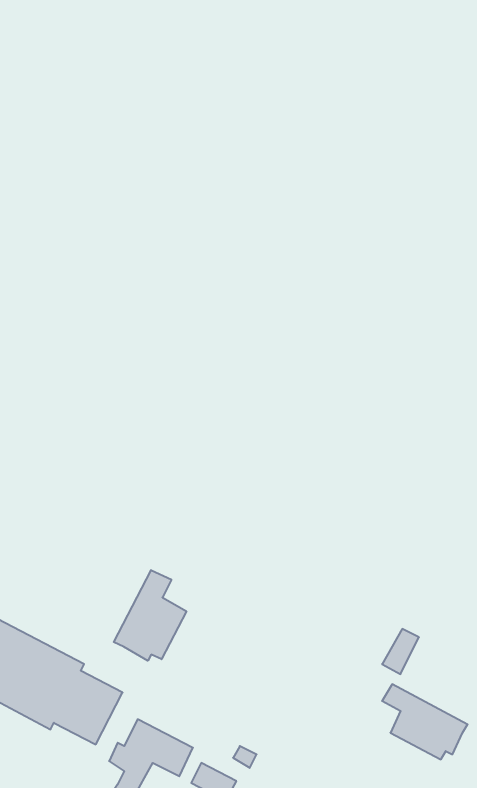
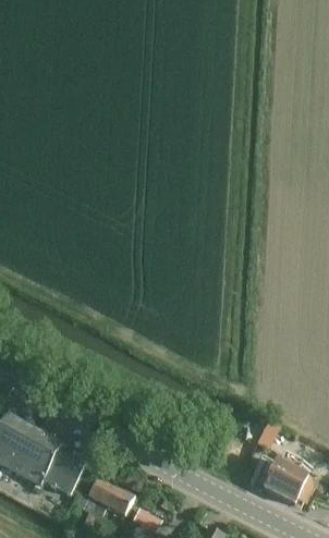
building: [114,570,186,661] -> none

